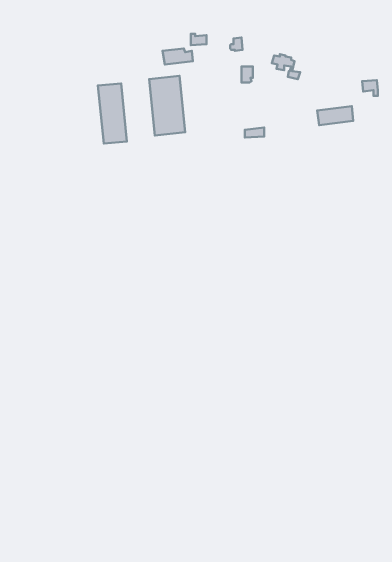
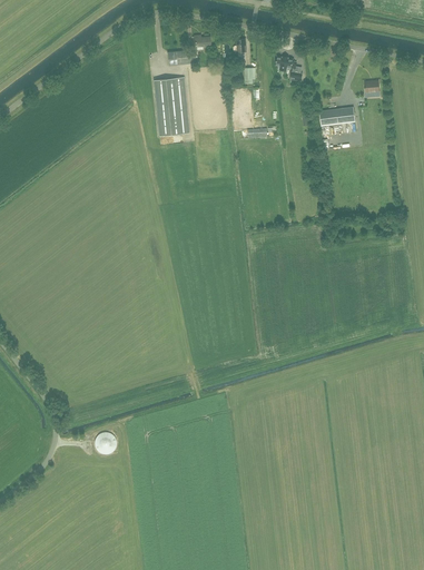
building: [98,84,127,144] -> none

